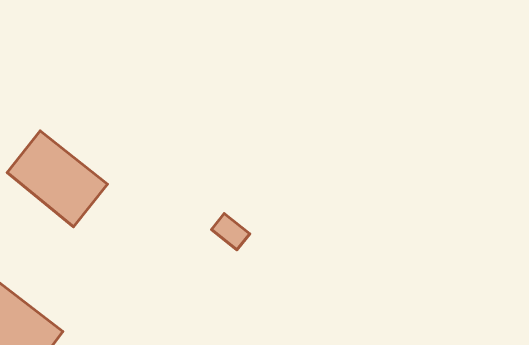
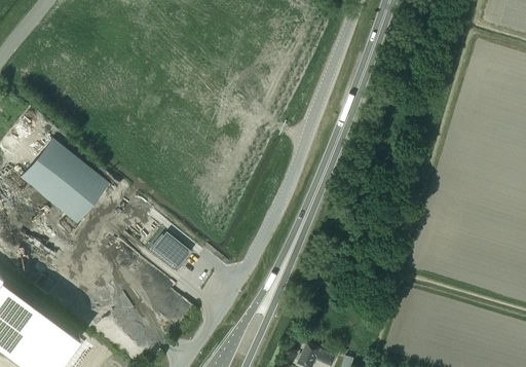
building: [211,213,250,250] -> [152,234,189,269]

